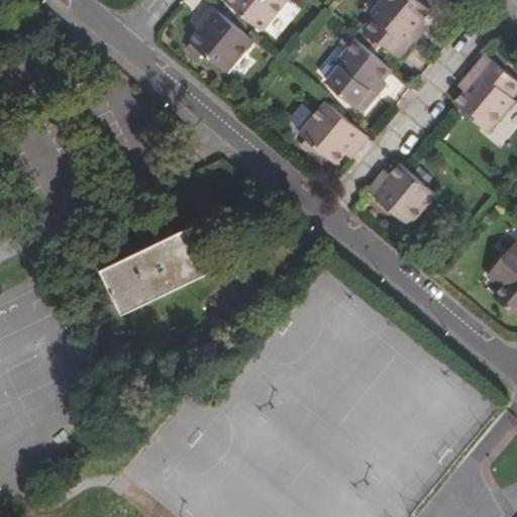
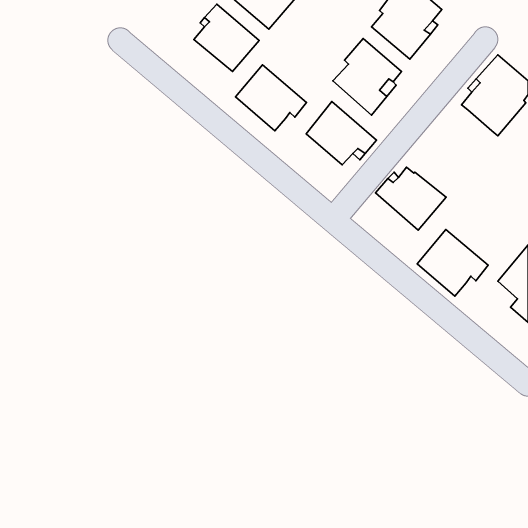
building: none -> [236,65,306,131]
building: none -> [417,229,488,296]
building: [108,232,217,317] -> none

